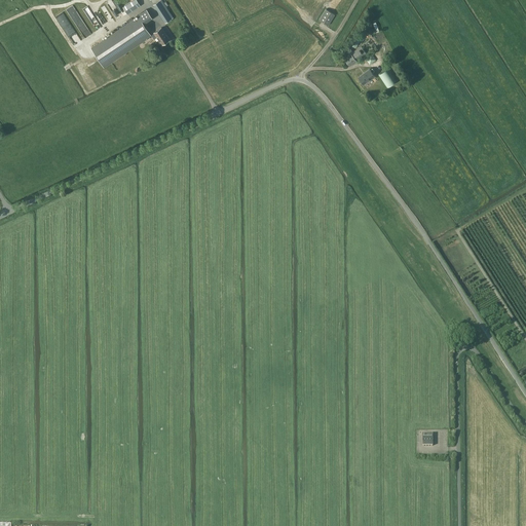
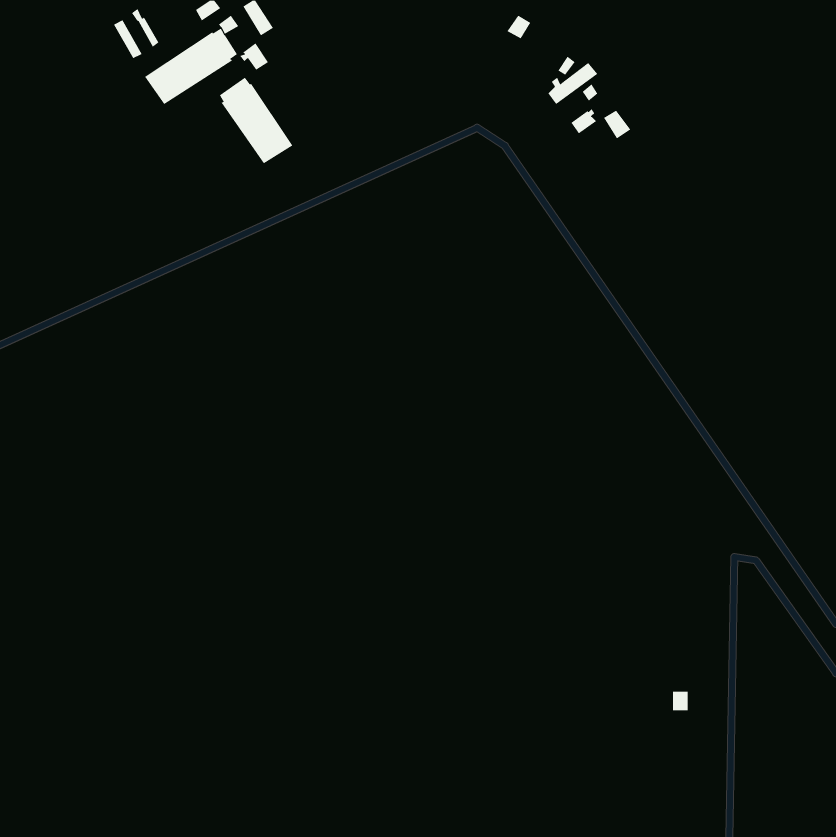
building: none -> [219,77,293,164]

